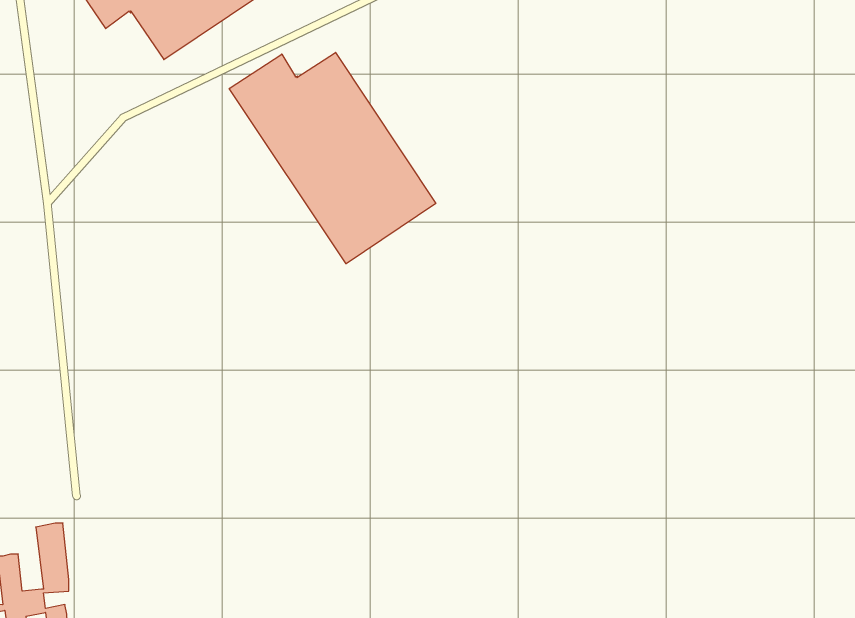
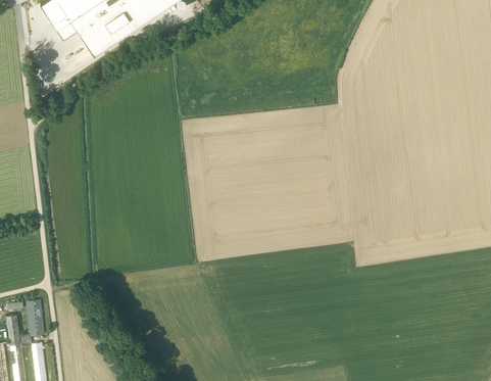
building: [229,52,436,264] -> none

